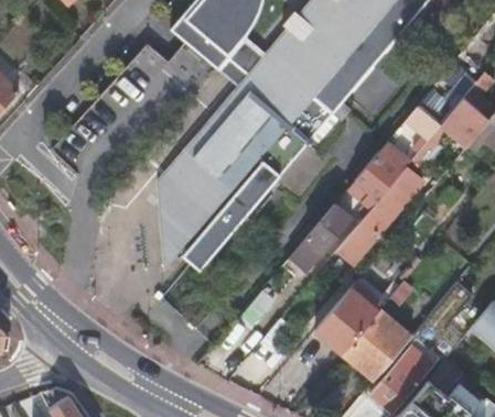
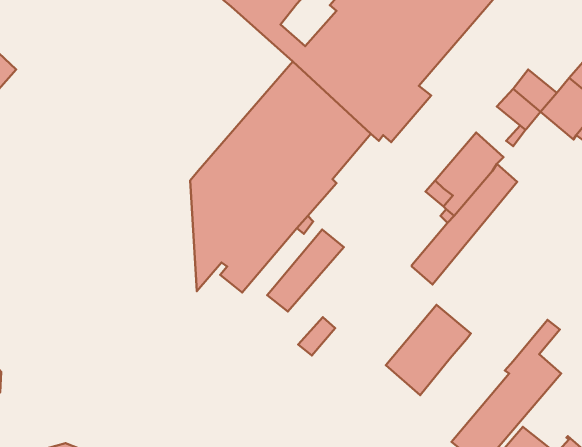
building: [289,205,351,271] -> [267,230,344,312]
building: [342,300,417,378] -> none

